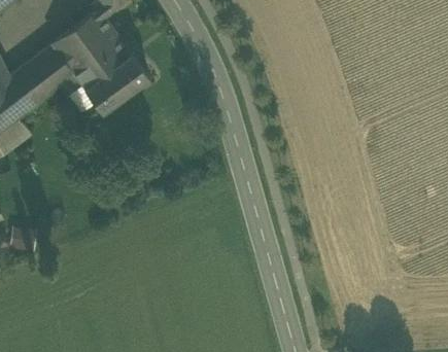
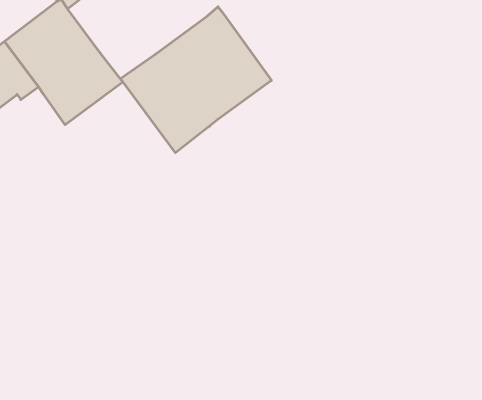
building: none -> [120,7,271,153]

